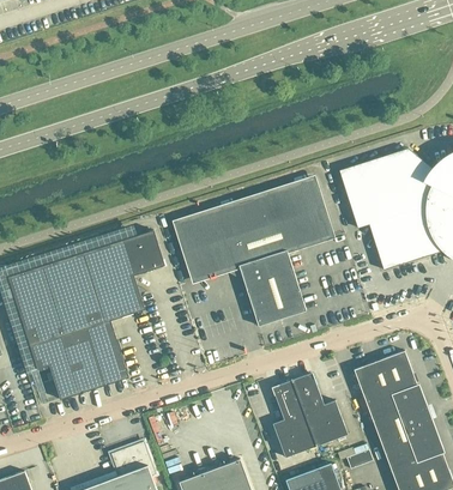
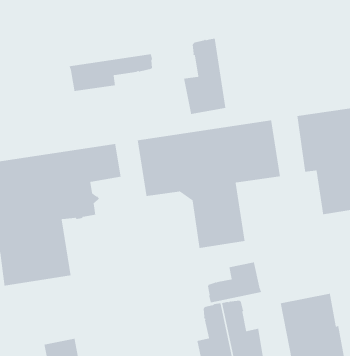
building: none -> [183,36,226,115]
building: none -> [68,53,153,92]
building: none -> [207,262,262,304]

